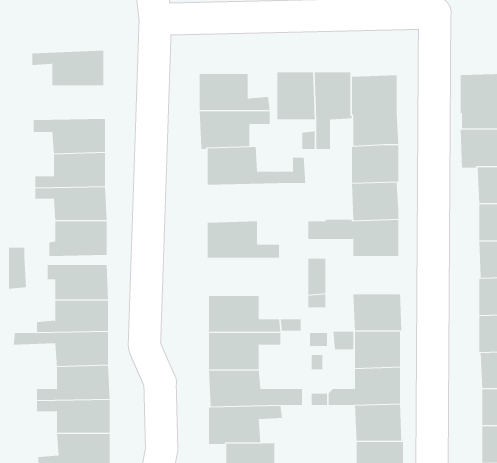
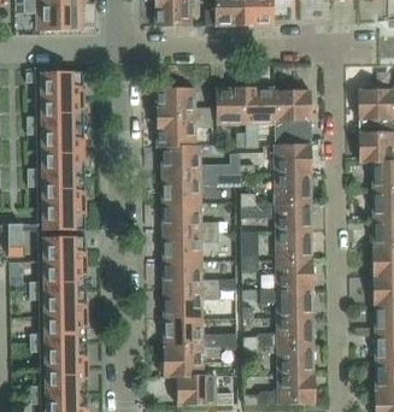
building: none -> [28,99,84,125]
building: none -> [163,175,218,205]
building: none -> [276,231,312,260]
building: none -> [163,233,219,261]

